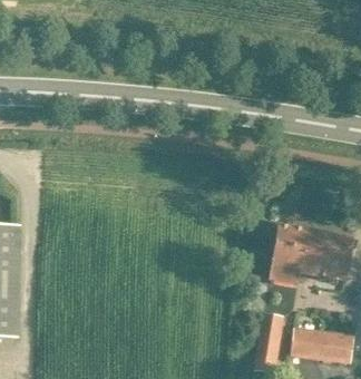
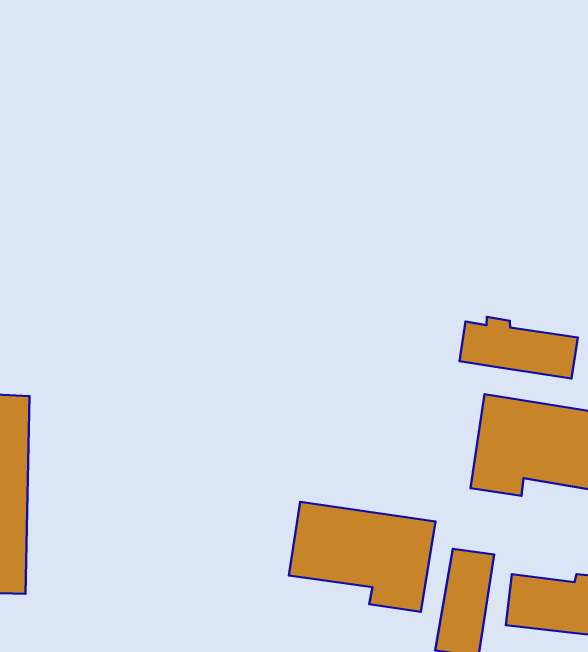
building: none -> [460,317,578,378]
building: none -> [289,502,436,612]

